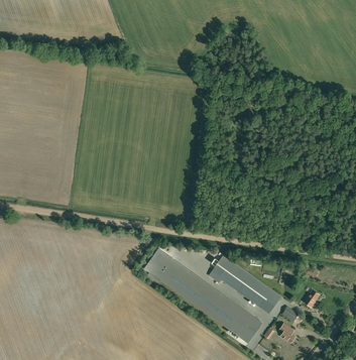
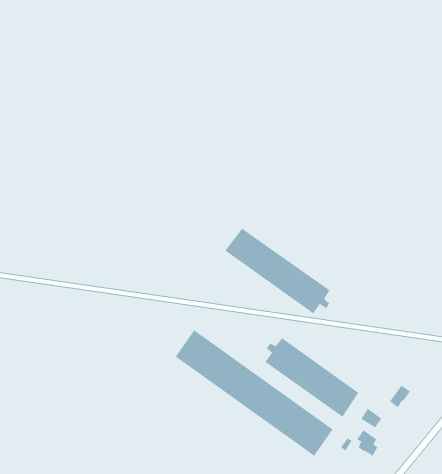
building: none -> [225,228,330,314]

